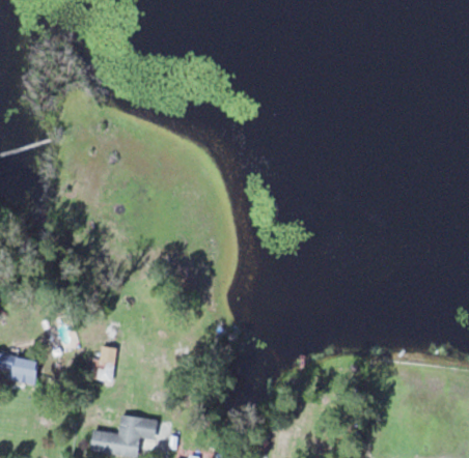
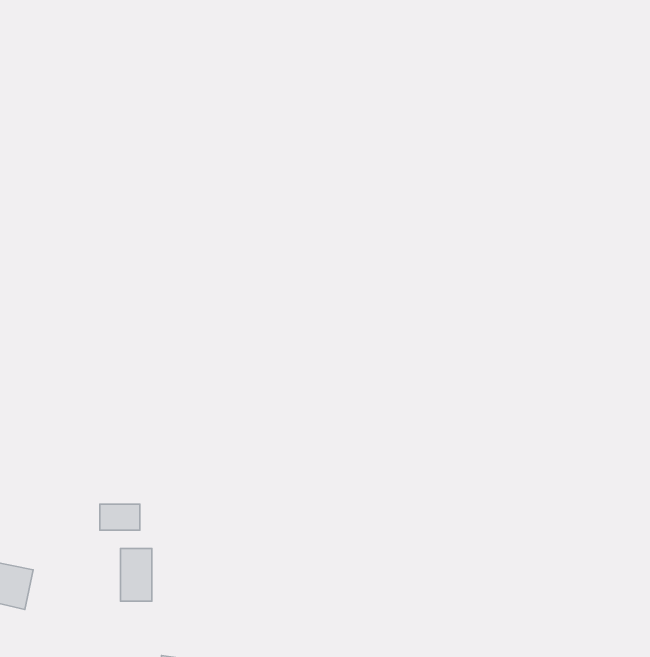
building: none -> [100,504,140,530]

